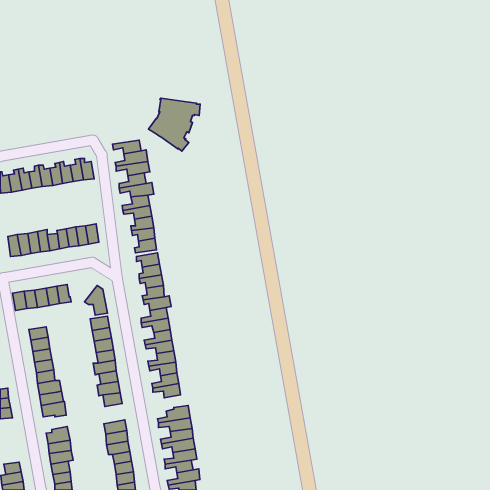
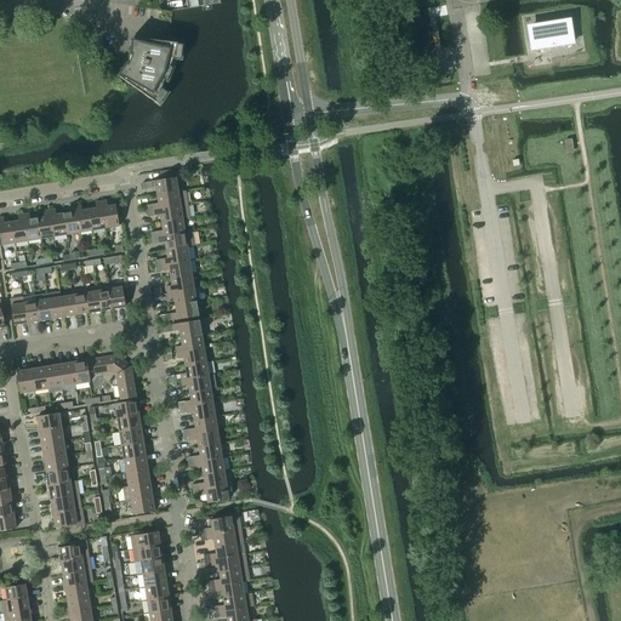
building: none -> [530,22,574,49]
building: [148,98,200,151] -> [118,36,183,103]
building: none -> [86,354,124,381]

